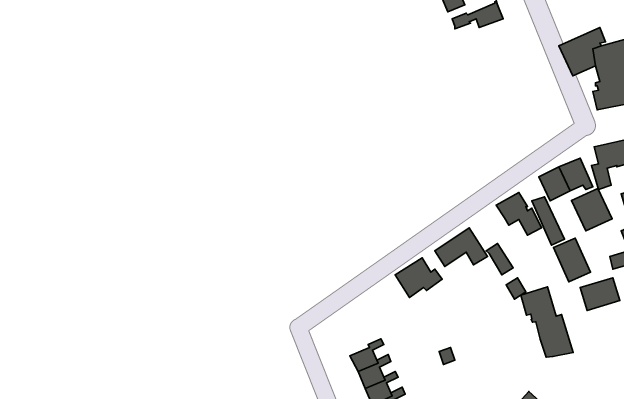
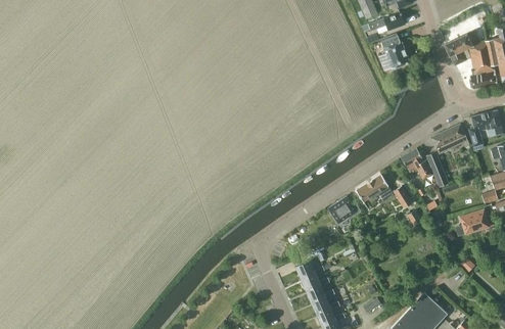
building: none -> [379,34,410,72]
building: [572,188,612,231] -> none
building: [553,238,591,282] -> none
building: [521,287,573,357] -> none

